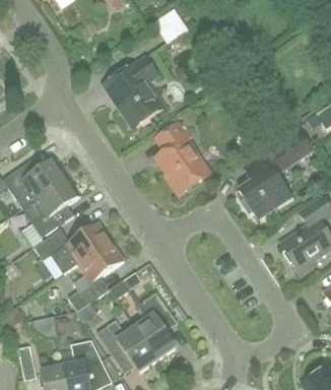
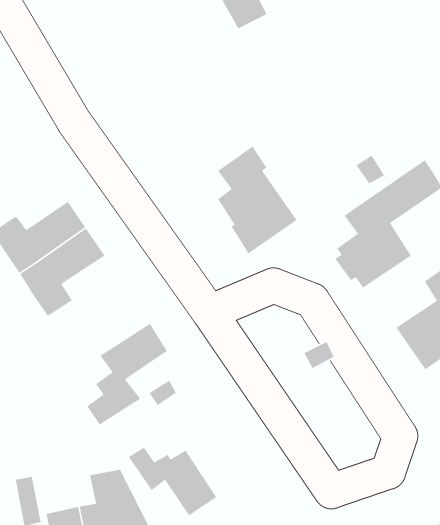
building: [104,56,163,126] -> none
building: [34,221,111,273] -> none
building: [135,291,176,360] -> none

